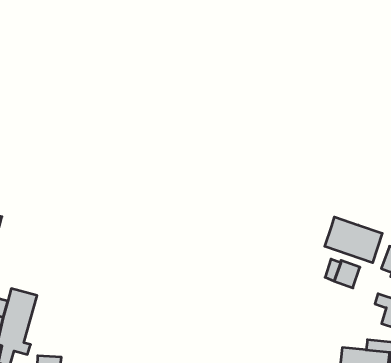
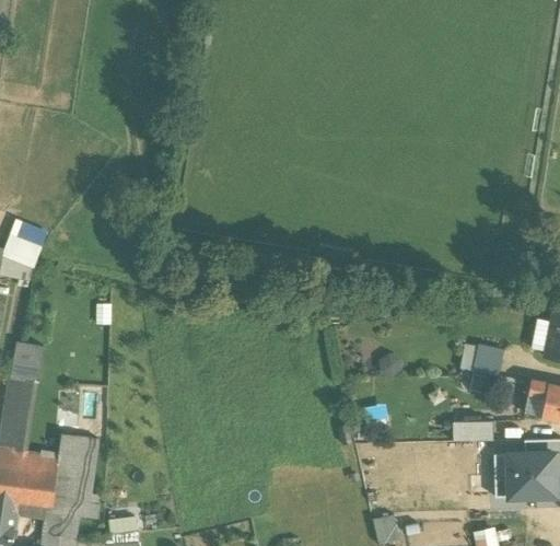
building: [325,217,382,263] -> none
building: none -> [453,421,491,442]

